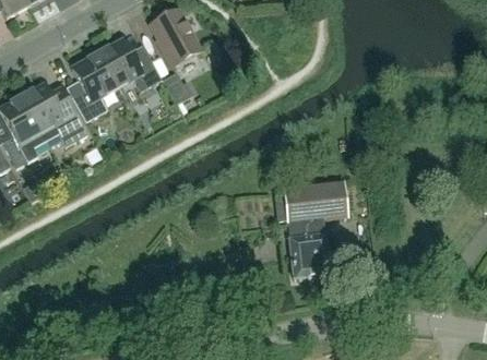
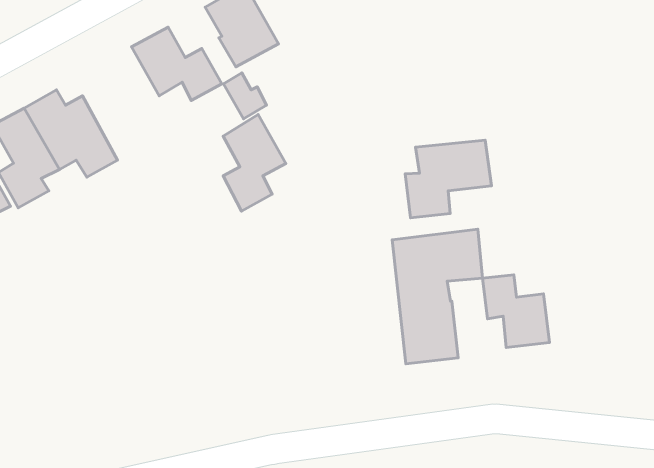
building: [71,51,116,120] -> [223,115,286,211]
building: none -> [405,140,491,218]
building: none -> [483,275,549,347]

